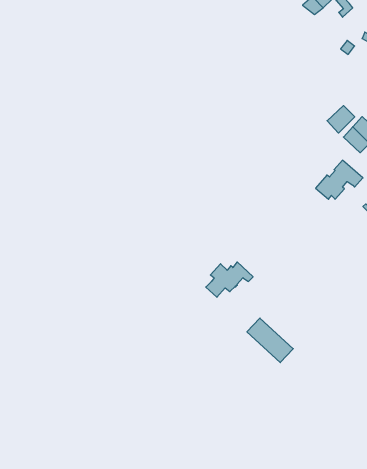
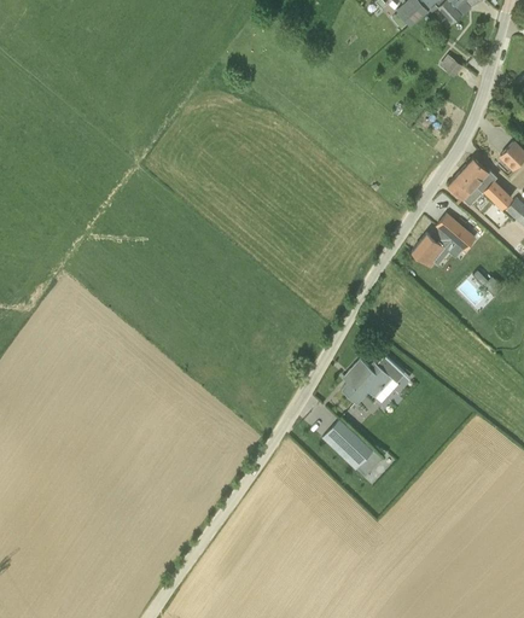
building: [327,106,355,133] -> none
building: [206,262,253,297] -> [342,356,403,402]

